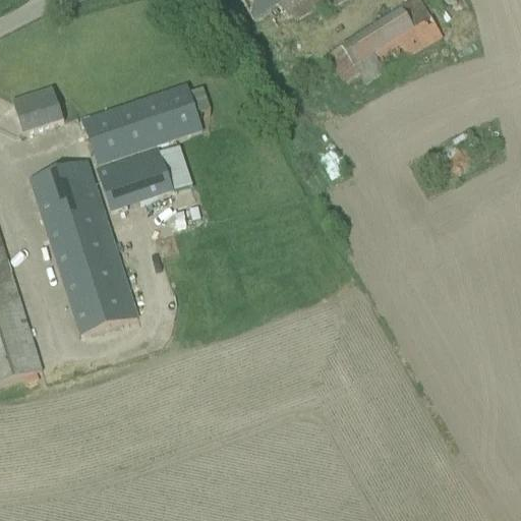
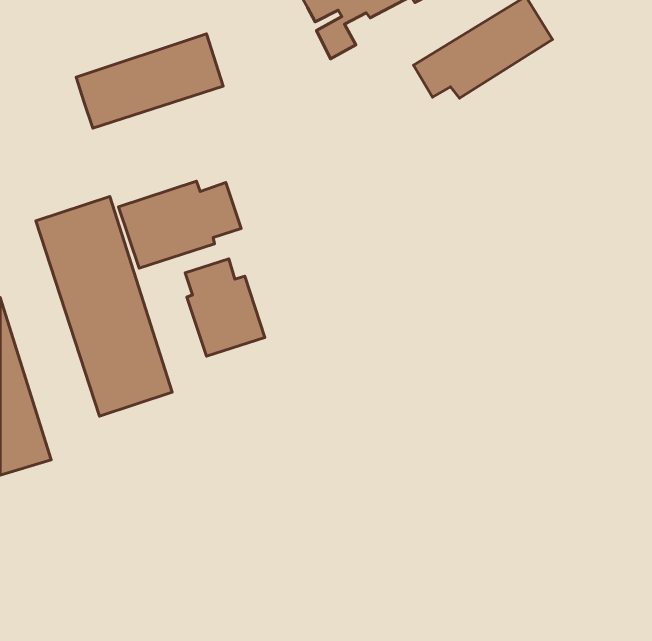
building: [82,81,199,157] -> [76,34,223,128]
building: [11,84,63,131] -> none
building: none -> [185,259,265,356]

